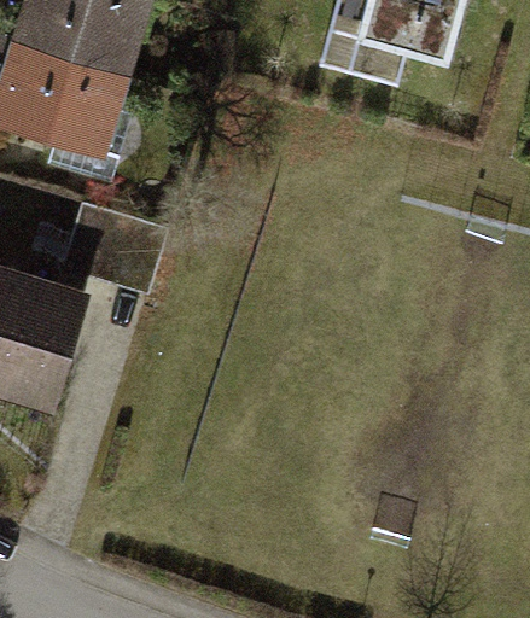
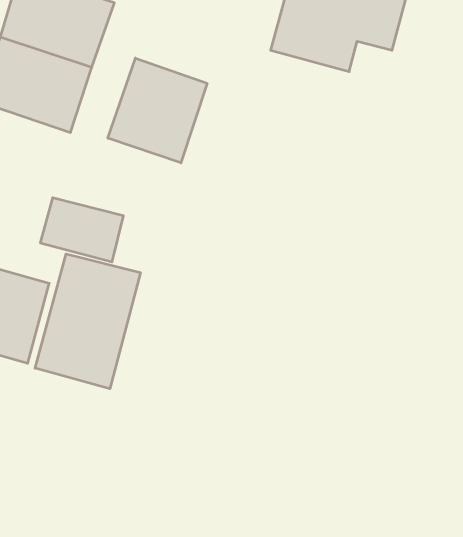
building: none -> [108,58,207,163]
building: none -> [35,254,140,389]

